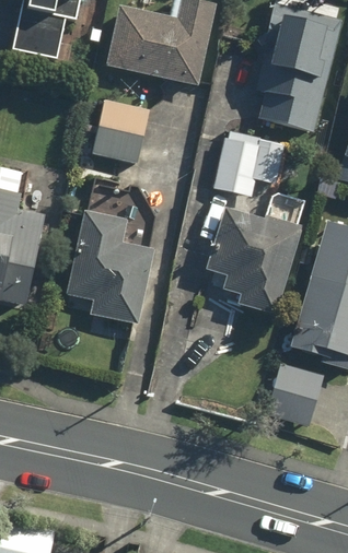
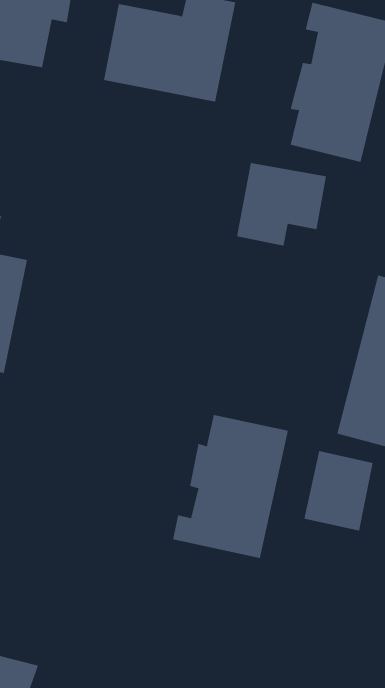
building: [91,98,148,164] -> none
building: [209,192,310,314] -> none
building: [71,211,150,321] -> none
building: none -> [173,414,288,559]

